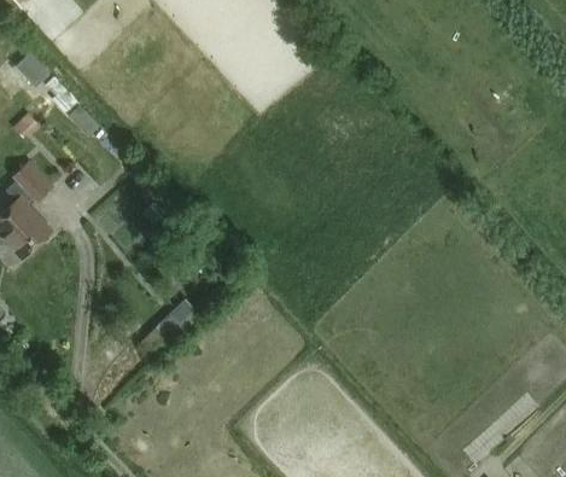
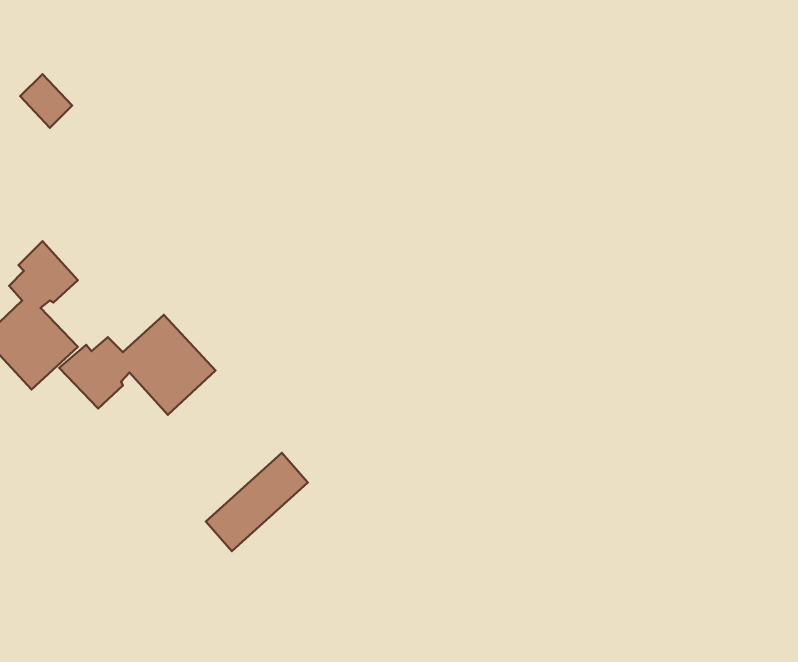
building: none -> [59,315,215,415]

